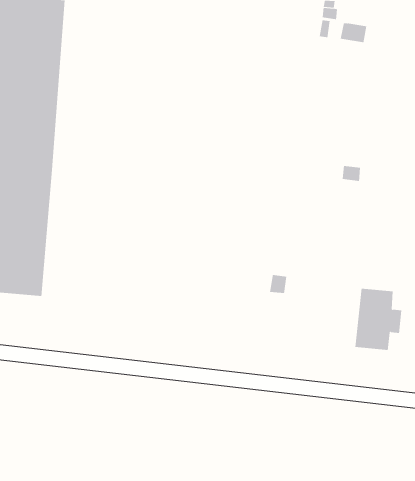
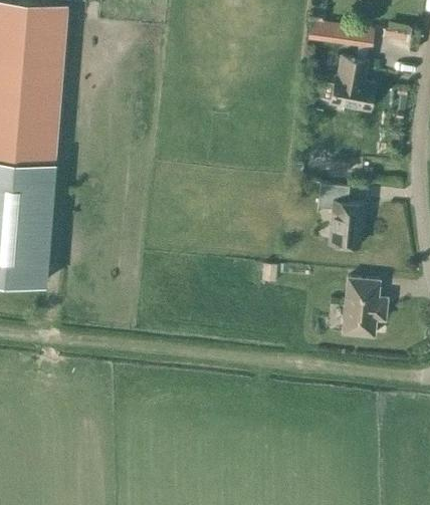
building: none -> [331,58,376,112]
building: none -> [318,185,367,248]

